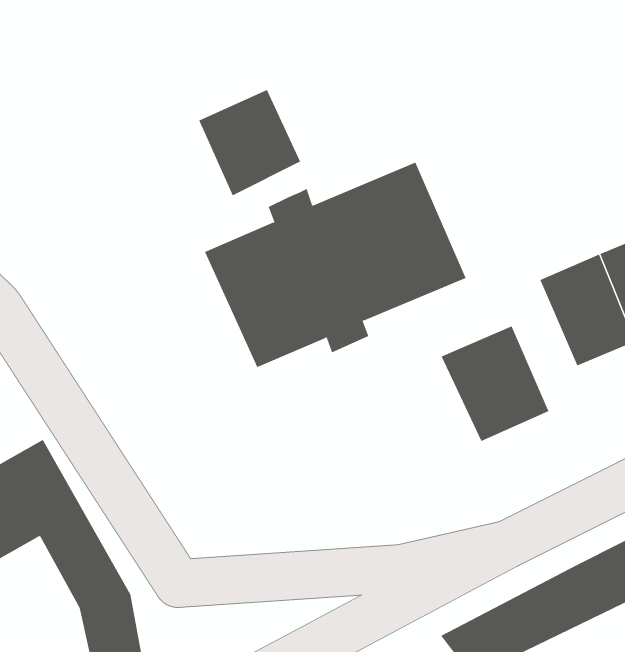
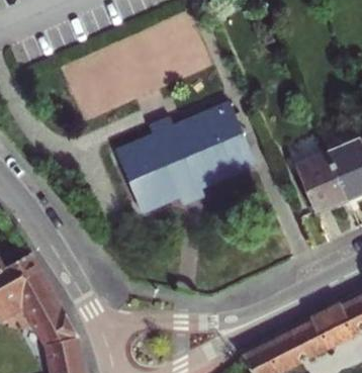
building: [198,89,301,196] -> none
building: [441,326,549,442] -> none

